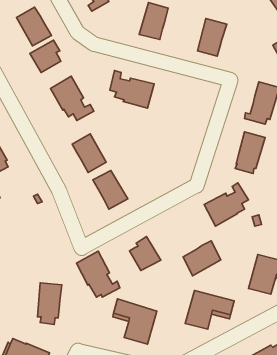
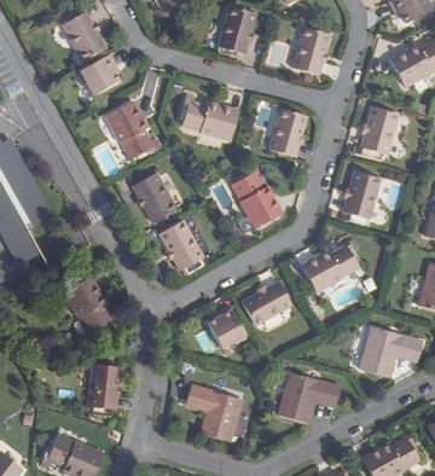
building: none -> [269,108,307,156]
building: none -> [234,166,282,228]
building: [183,241,221,276] -> [244,280,292,325]
building: [77,251,120,297] -> [63,275,118,335]

